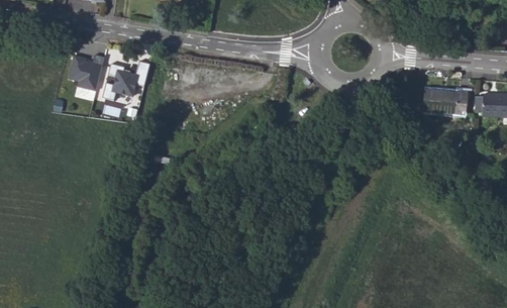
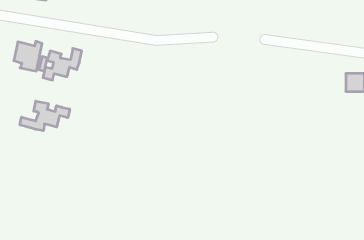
building: [422,89,467,114] -> none
building: none -> [20,101,70,131]

